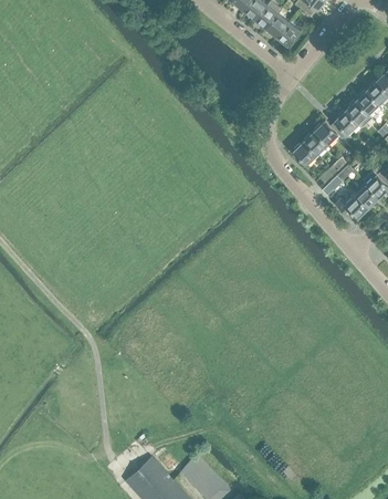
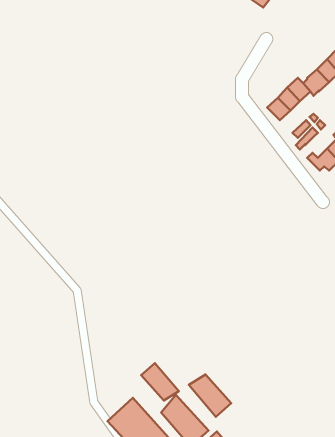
building: none -> [141,363,179,401]
building: none -> [189,374,231,417]

